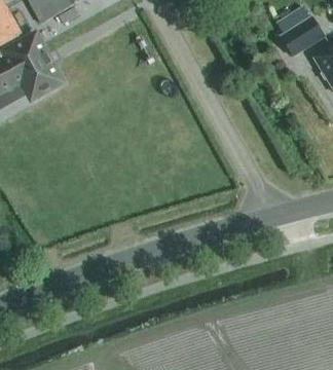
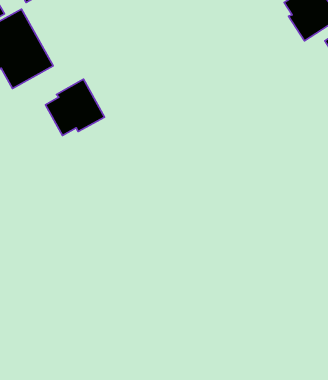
building: none -> [45,79,105,135]

